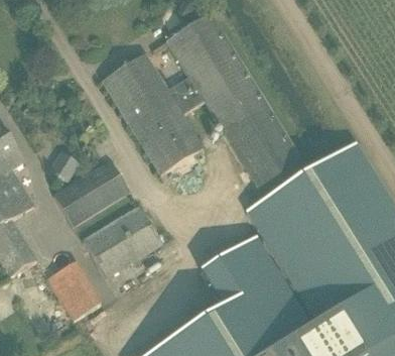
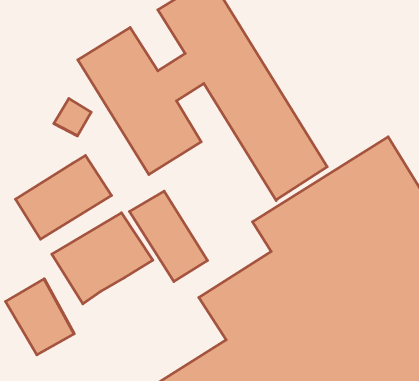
building: [46,148,77,179] -> [54,98,91,136]
building: none -> [130,191,207,282]

